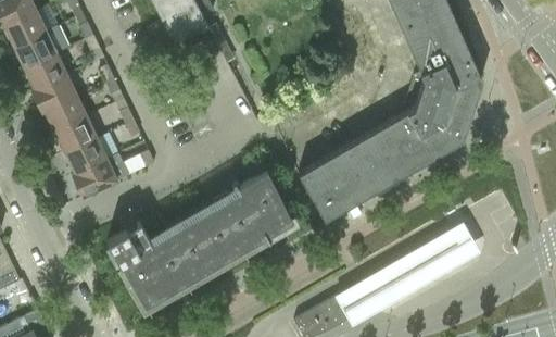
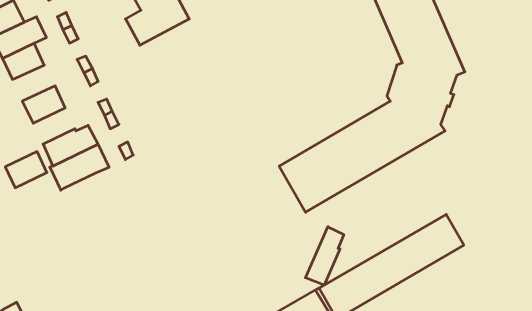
building: [31,75,77,113] -> none
building: [55,117,97,153] -> [5,152,47,188]
building: [108,171,294,308] -> none
building: none -> [305,227,344,285]

